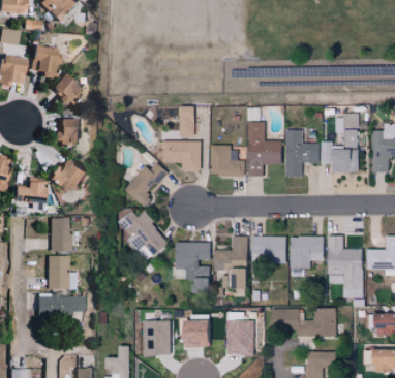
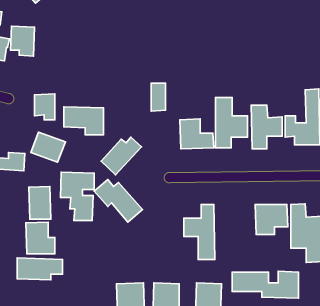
building: [51,72,81,105] -> none
building: [160,140,203,170] -> [64,107,103,135]
building: [253,235,288,261] -> none
building: [177,242,213,293] -> [60,172,94,221]

